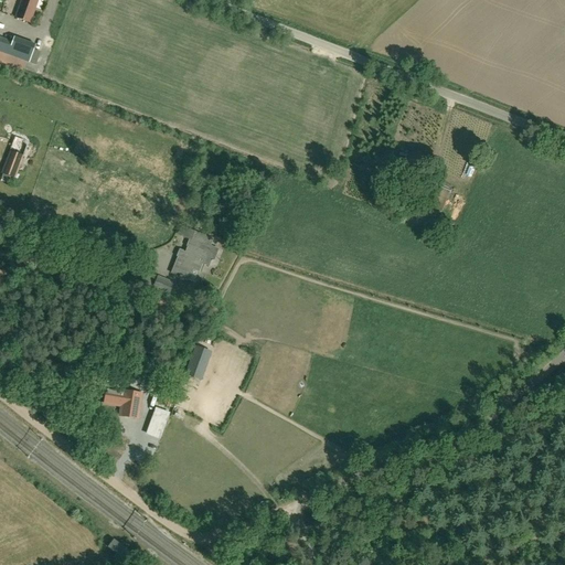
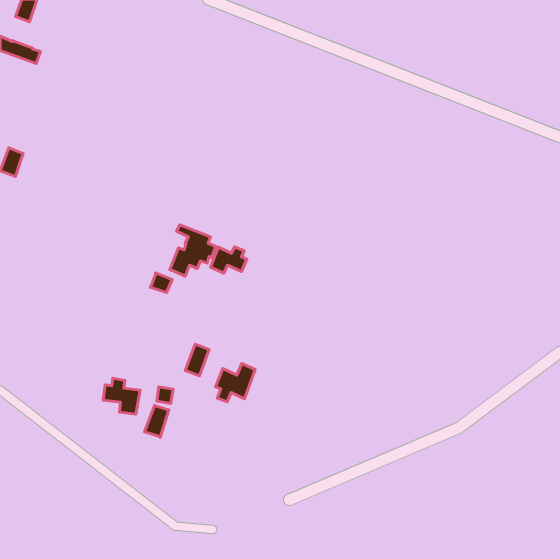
building: none -> [211,247,247,273]
building: none -> [215,363,255,402]

